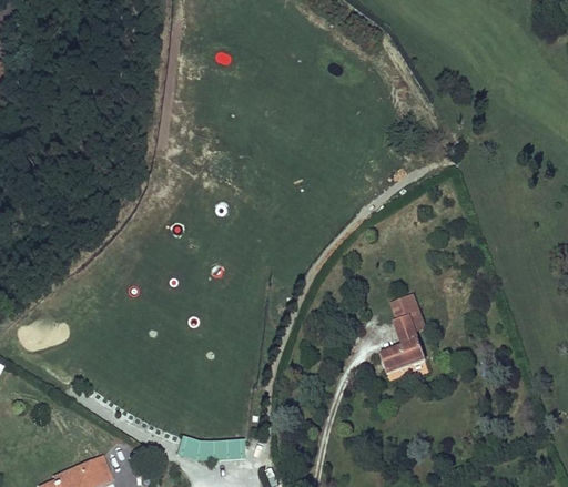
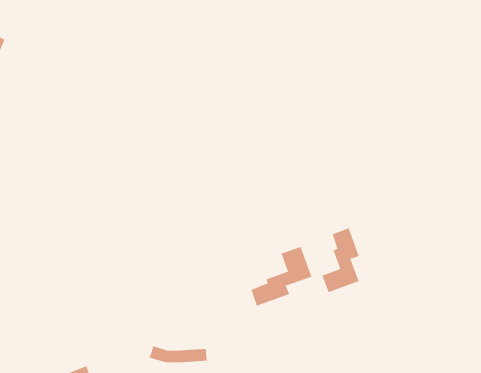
building: none -> [251,246,312,307]

